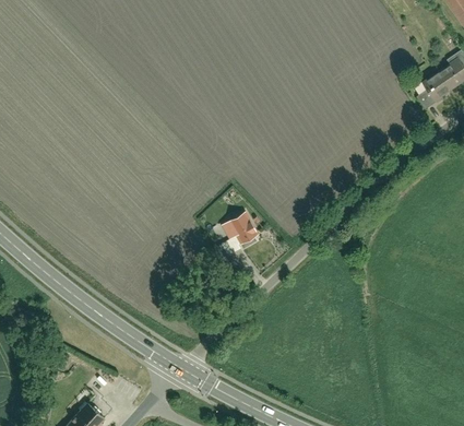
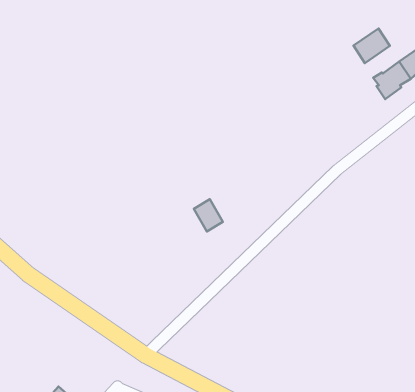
building: none -> [353,28,390,63]

